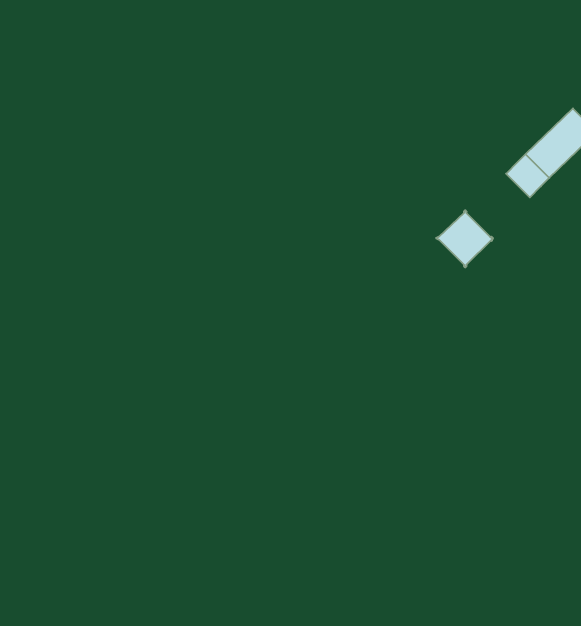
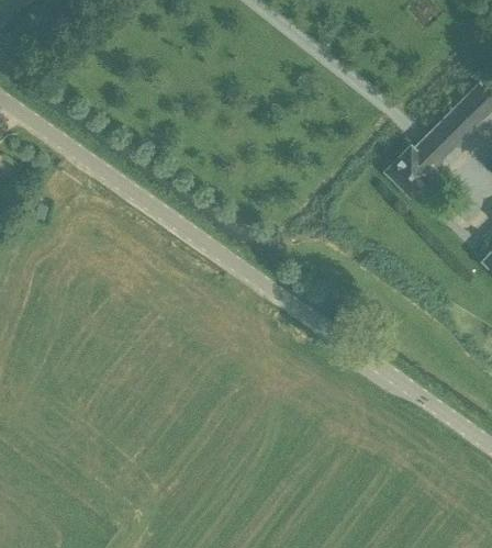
building: [436,210,493,267] -> [385,149,431,194]

